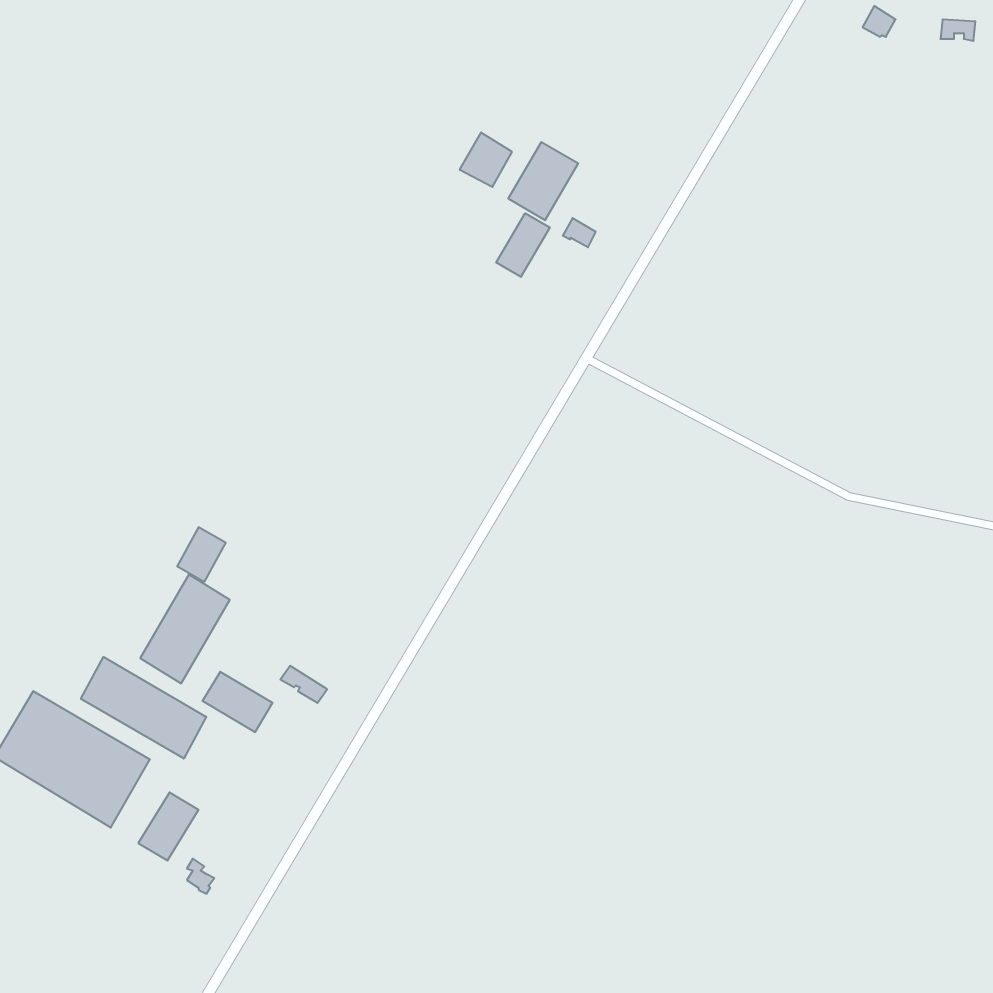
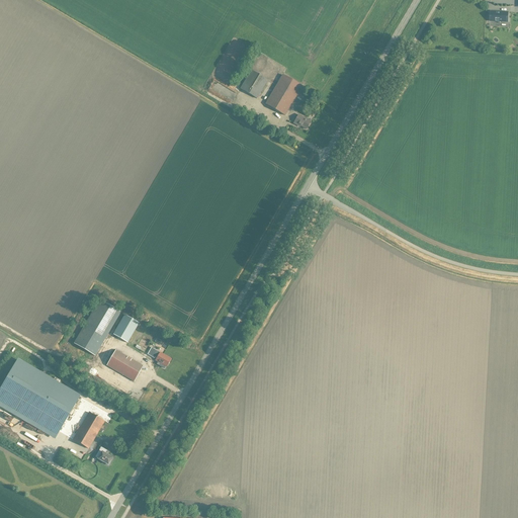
building: [496,213,550,277] -> none
building: [177,527,226,582] -> [112,314,138,342]
building: [81,657,206,759] -> none

